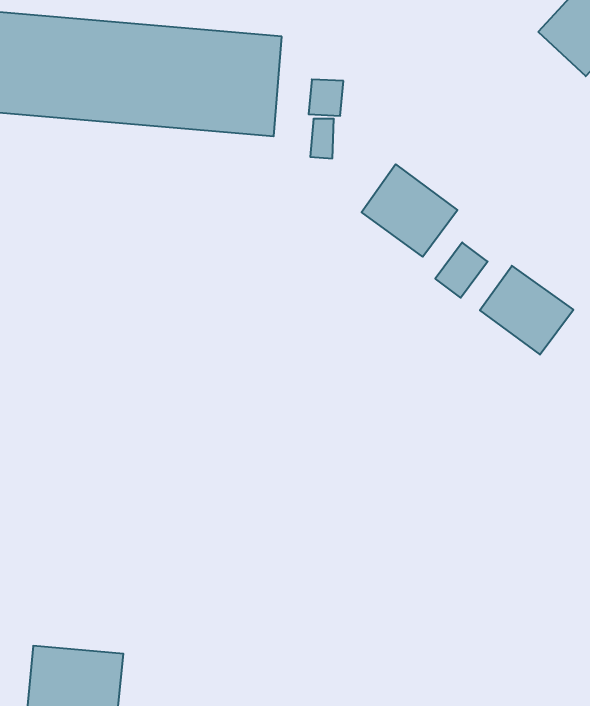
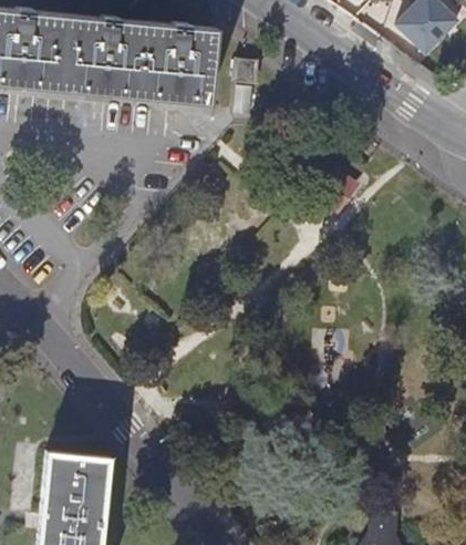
building: [362,164,457,257] -> none
building: [480,266,573,355] -> none

